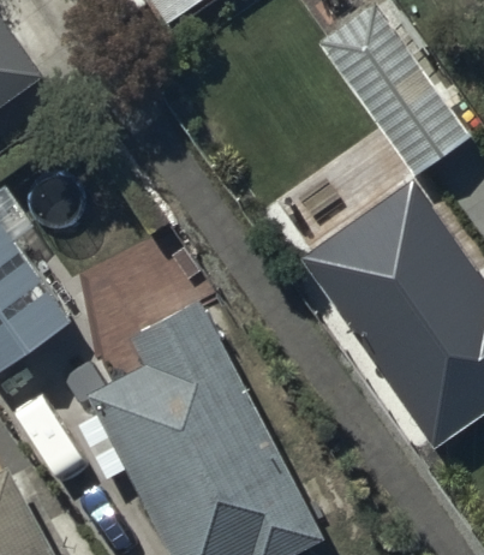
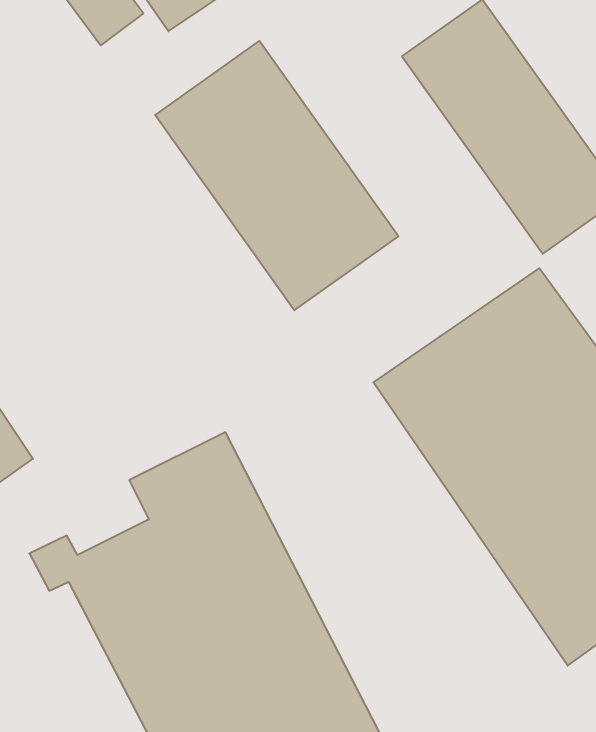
building: none -> [155,41,398,310]

